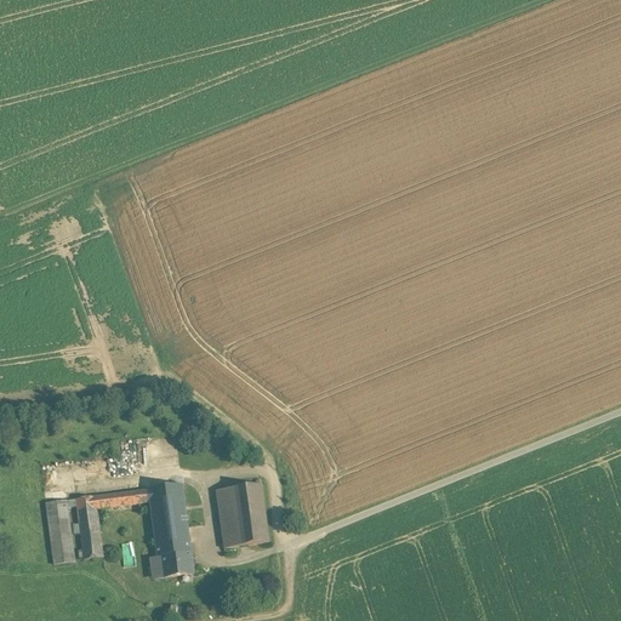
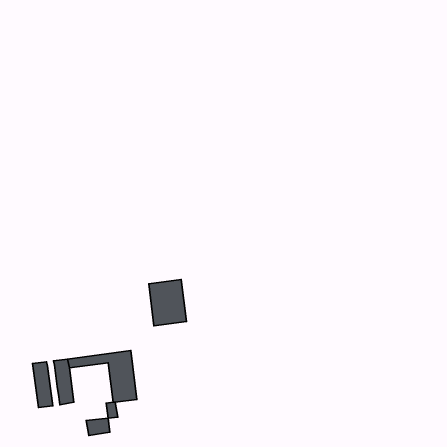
building: [215,483,267,547] -> [149,279,186,326]
building: [159,552,192,576] -> [86,418,110,436]

